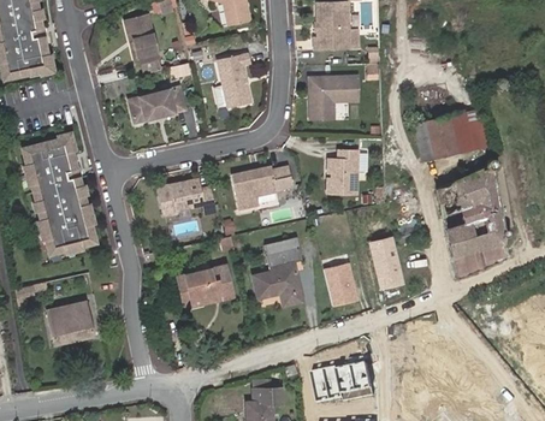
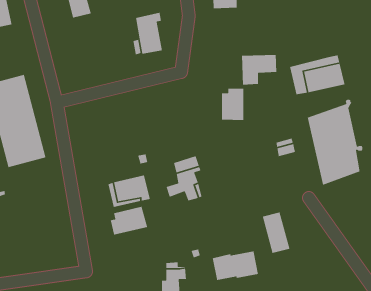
building: [312,76,359,117] -> [241,54,277,86]
building: [125,87,184,124] -> none
building: [230,167,290,209] -> none
building: [155,178,211,214] -> none
building: [369,236,407,291] -> [262,211,290,254]
building: [325,262,361,306] -> none
building: [47,298,93,343] -> none
building: none -> [110,206,148,236]

